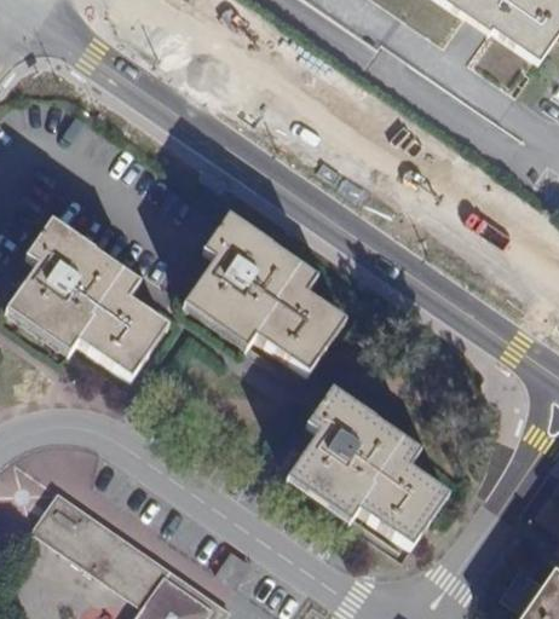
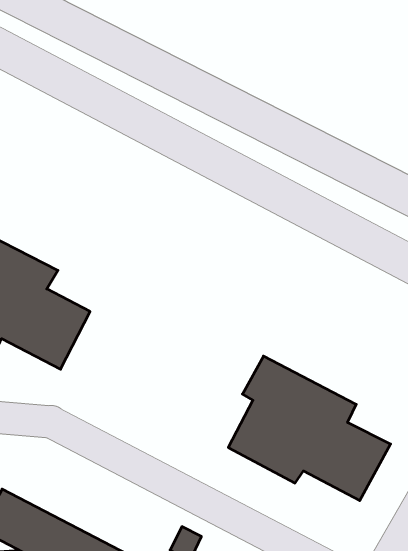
building: [185,214,344,370] -> none

